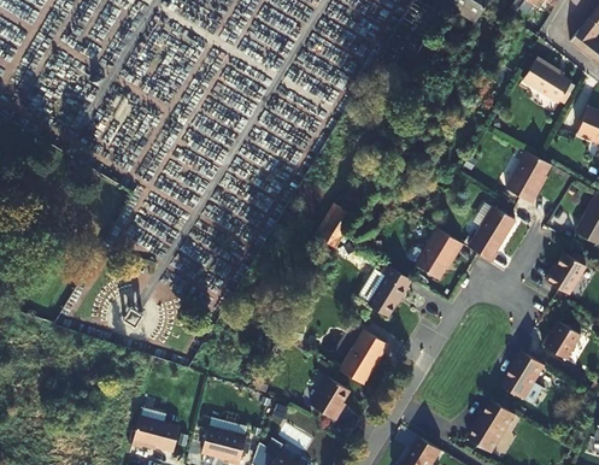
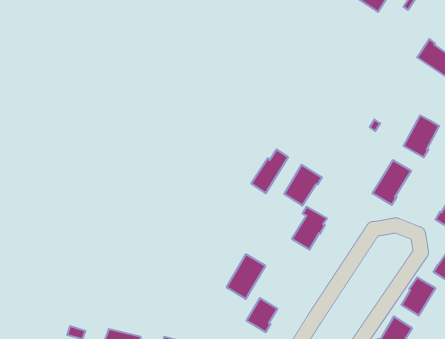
building: [416,229,463,279] -> [284,165,322,206]
building: [340,330,388,385] -> [227,254,265,299]

